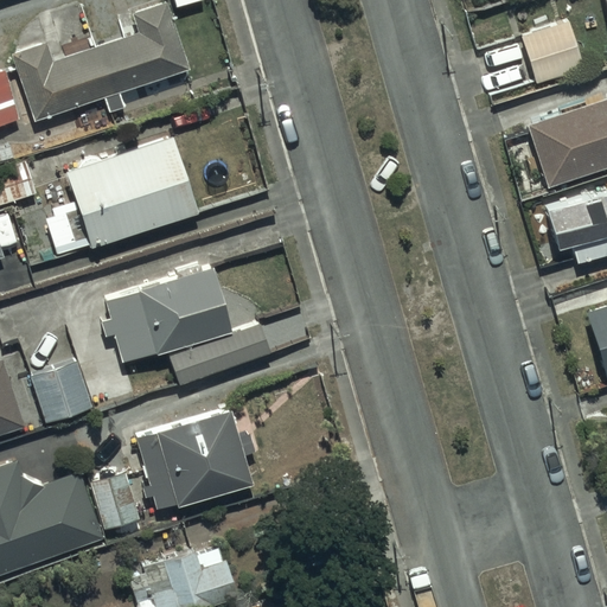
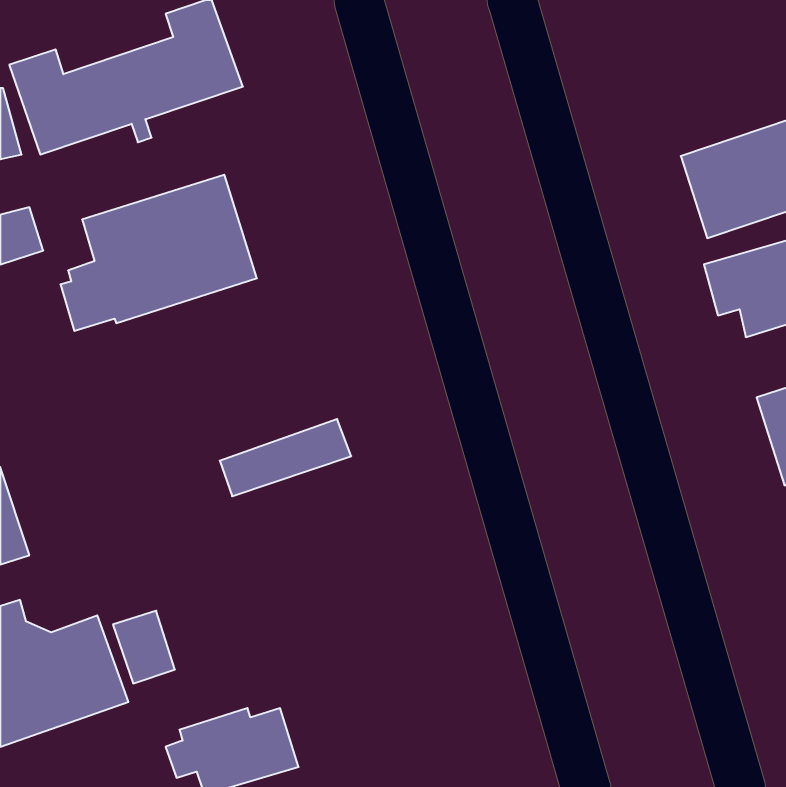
building: [518,19,583,82] -> none
building: [103,269,231,359] -> none
building: [33,362,97,424] -> none
building: [140,410,255,510] -> none

